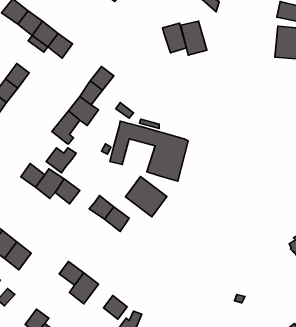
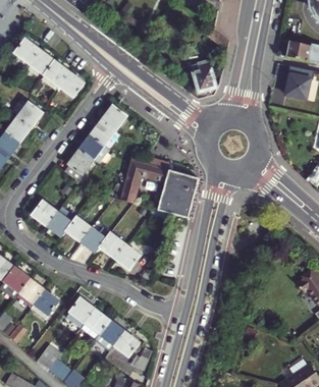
building: [163,23,186,53] -> none
building: [46,148,76,173] -> [81,227,110,252]
building: [126,177,167,217] -> none
building: none -> [30,289,58,318]
building: none -> [95,320,123,350]

